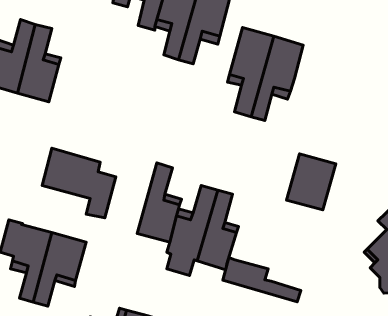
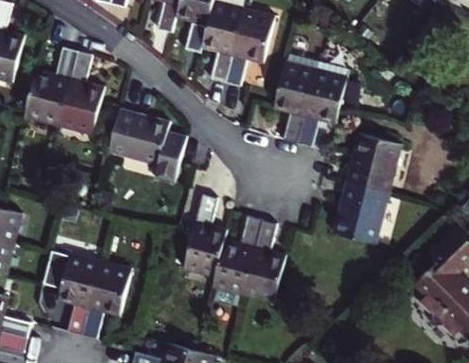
building: none -> [348,134,398,193]
building: [42,148,116,218] -> [111,112,186,183]
building: [223,257,301,302] -> none

